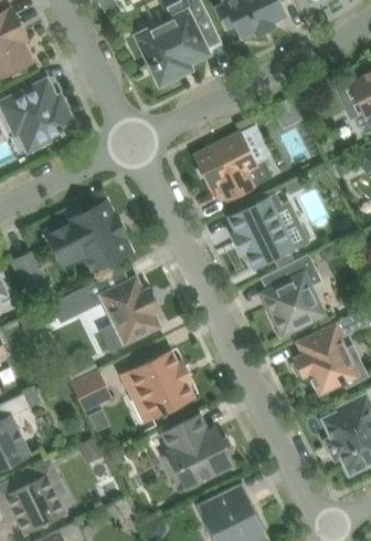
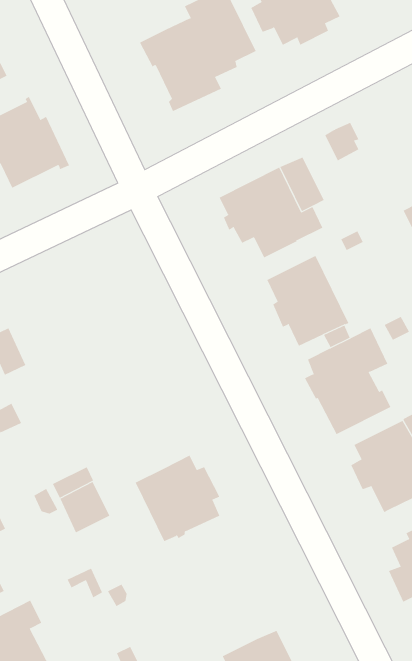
building: [266,195,309,251] -> none
building: [47,204,129,271] -> none
building: [50,271,159,351] -> none
building: [160,416,232,486] -> none

